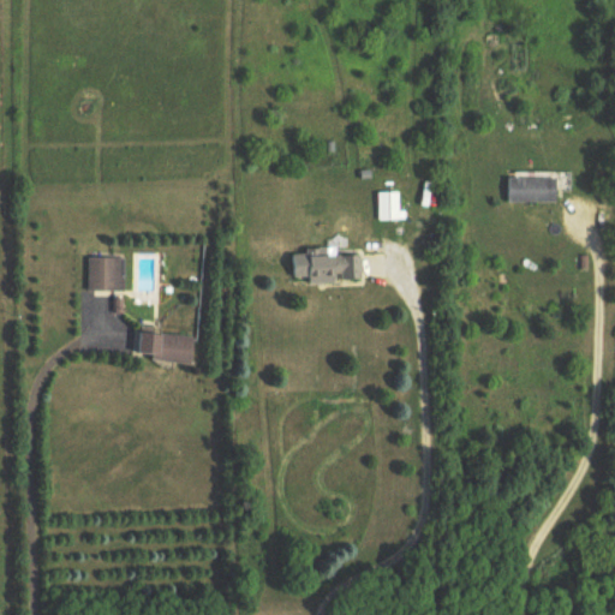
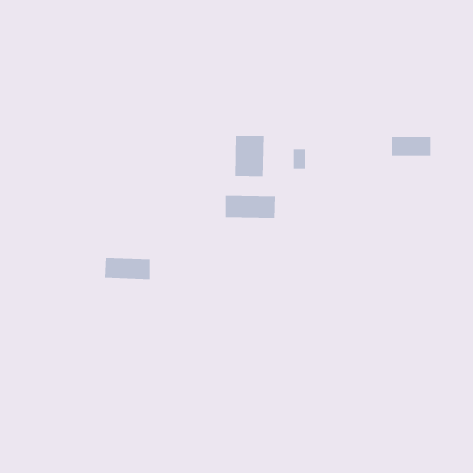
building: none -> [235,135,264,177]
building: [90,256,126,289] -> none

